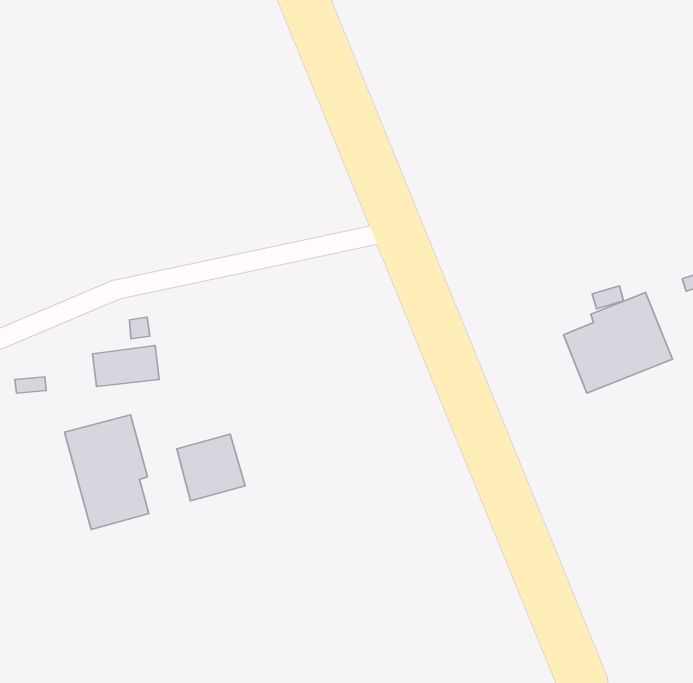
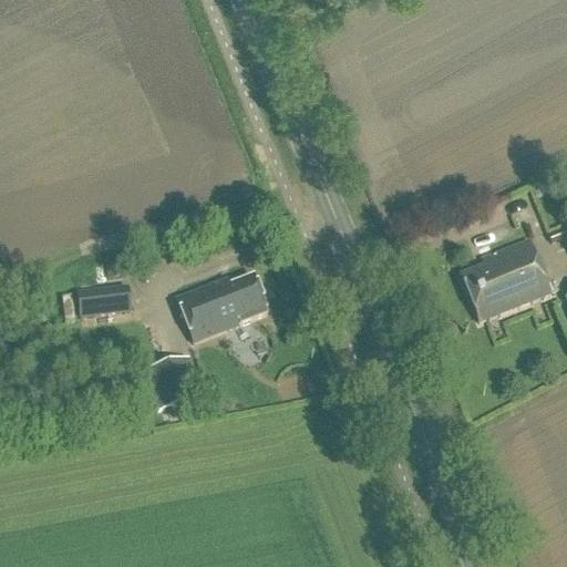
building: none -> [181,275,271,339]
building: [65,415,149,529] -> none

